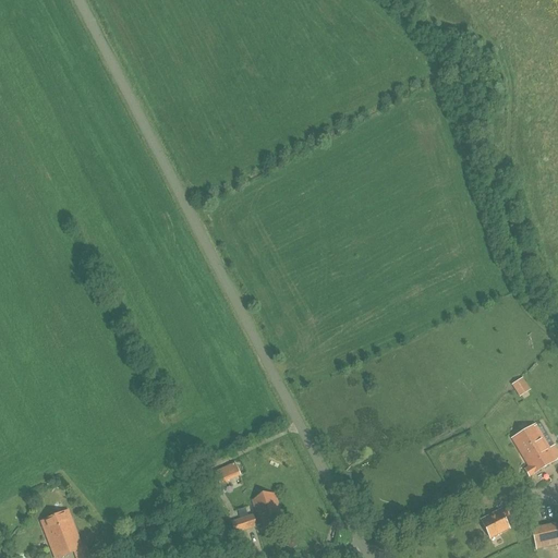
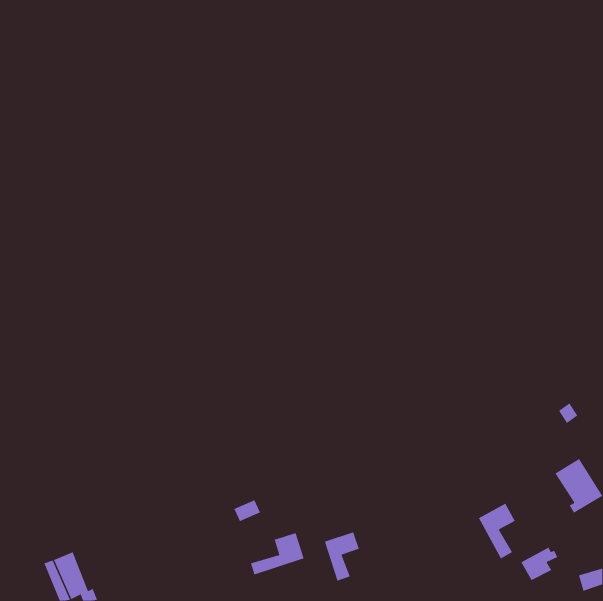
building: none -> [478,503,516,560]
building: none -> [324,532,359,581]

